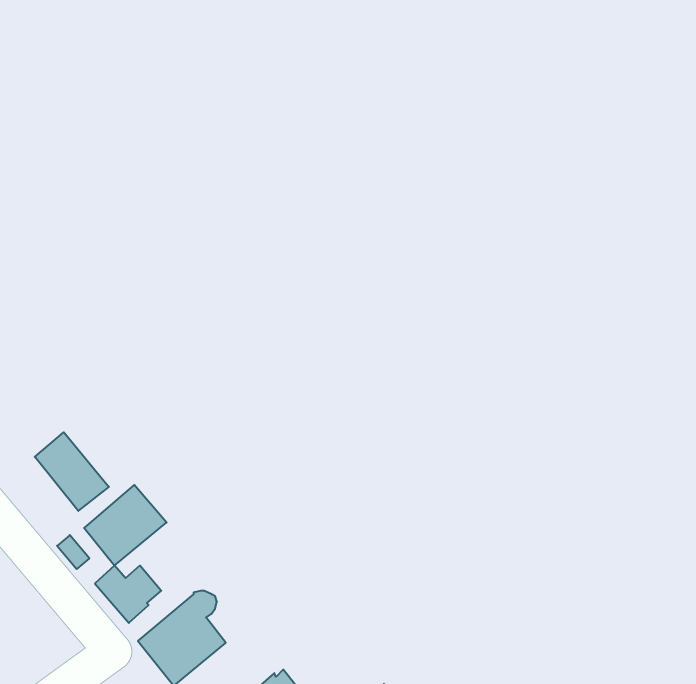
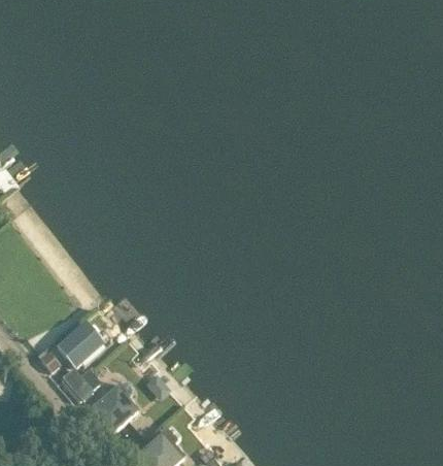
building: [35,432,109,511] -> none

